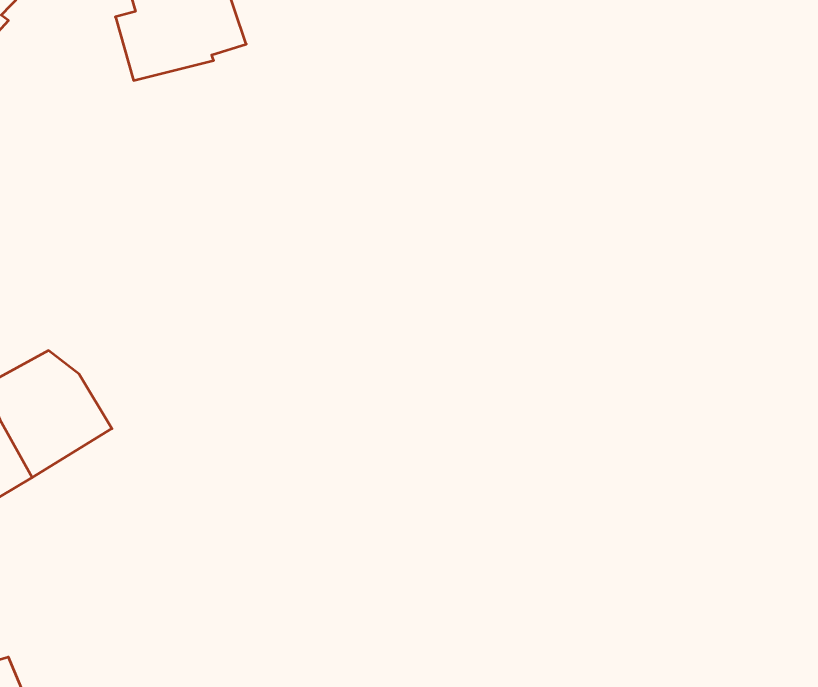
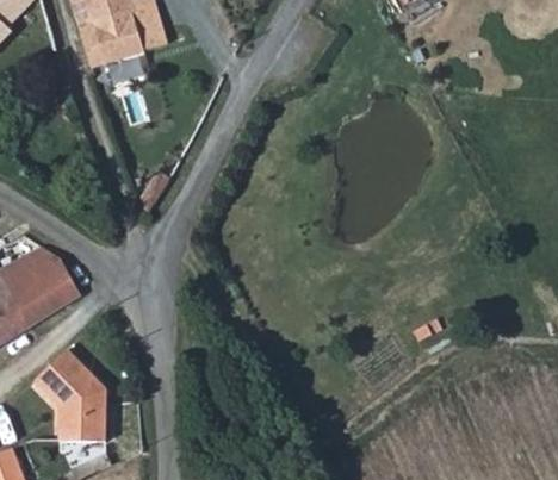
building: none -> [32,349,104,442]

